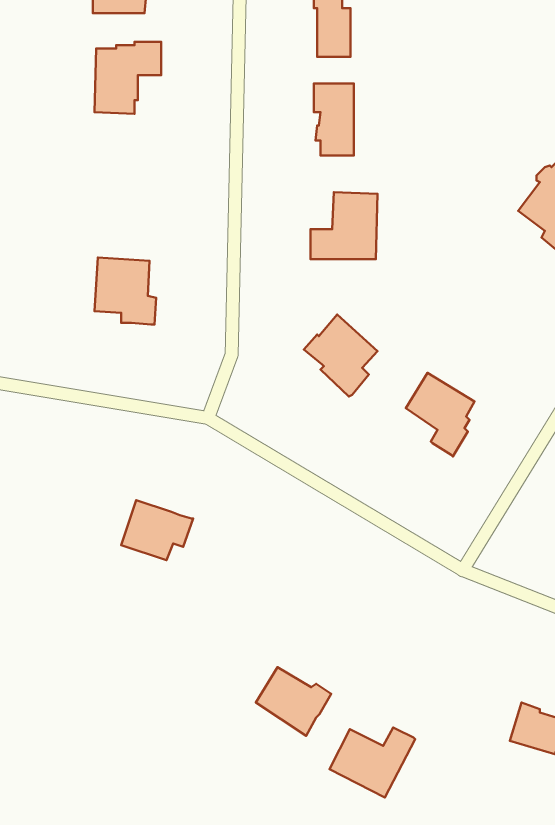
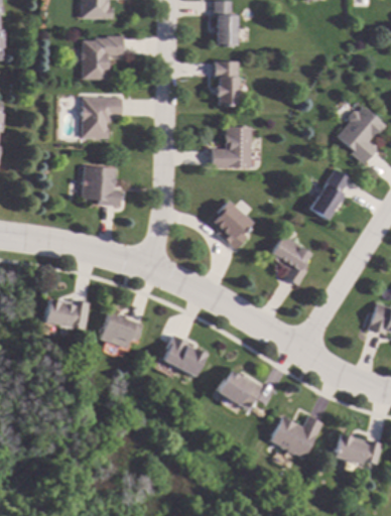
building: none -> [82,97,122,137]
building: none -> [309,168,350,219]
building: none -> [42,298,88,329]
building: none -> [161,335,205,376]
building: [256,667,331,736] -> [216,370,261,411]
building: [330,727,415,798] -> [269,415,320,458]

